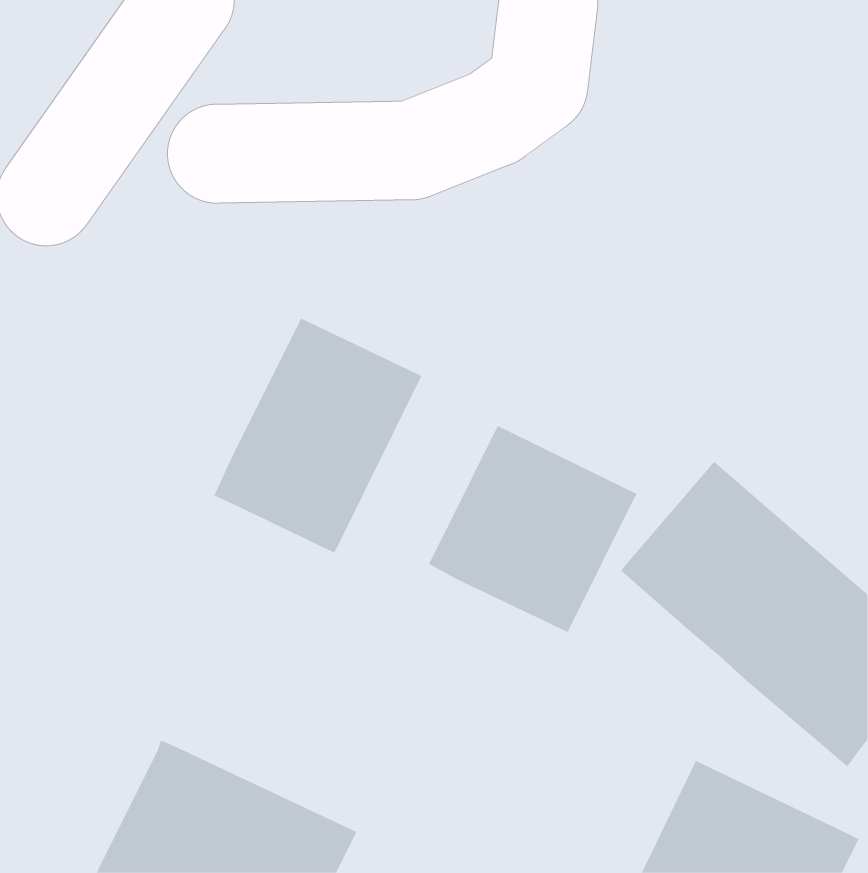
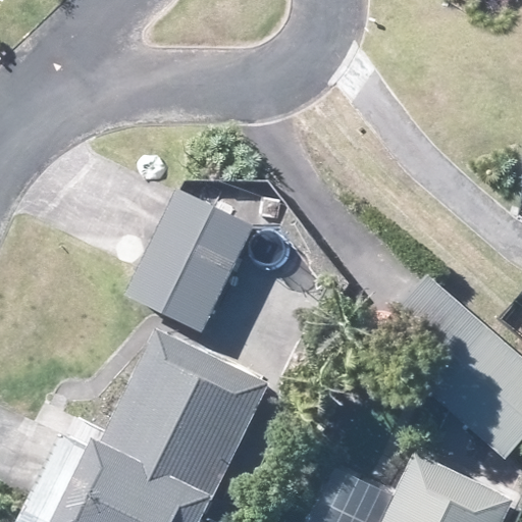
building: [428,425,637,633] -> none
building: none -> [103,331,267,497]

